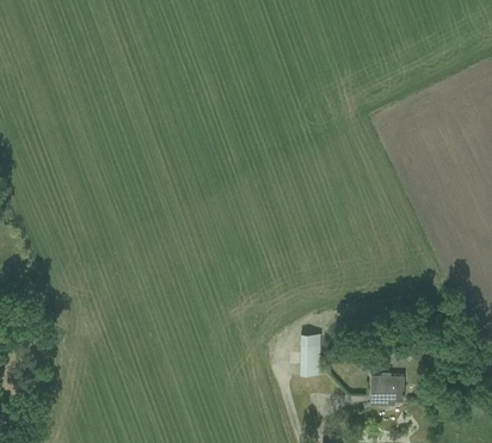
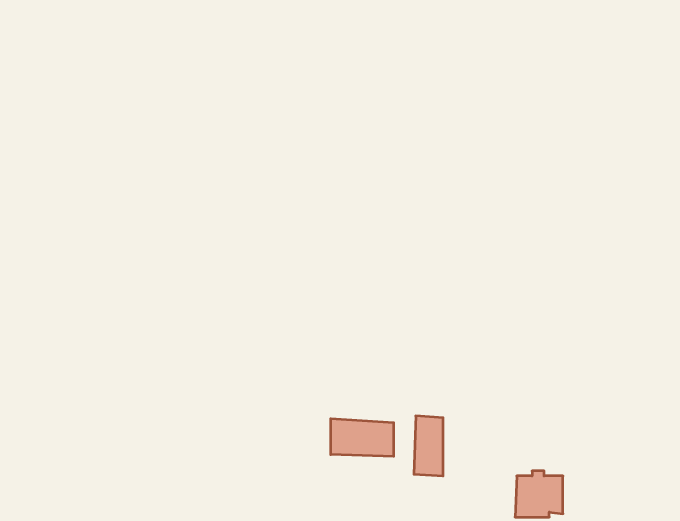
building: none -> [331,419,394,456]

